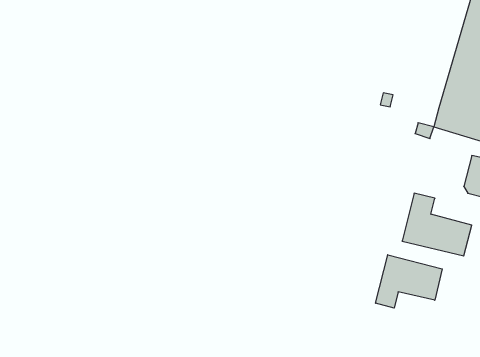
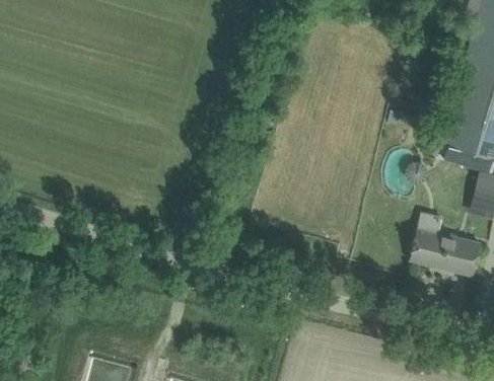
building: [376,255,442,308] -> none

